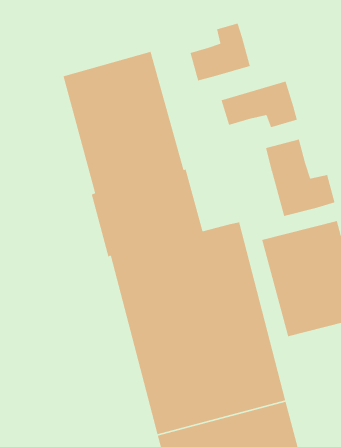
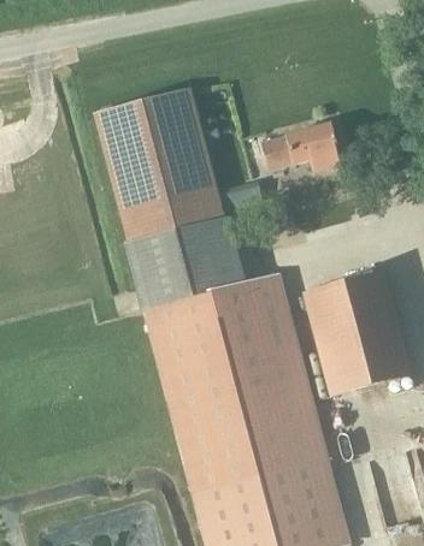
building: [189,22,251,82] -> none
building: [265,139,335,217] -> none

